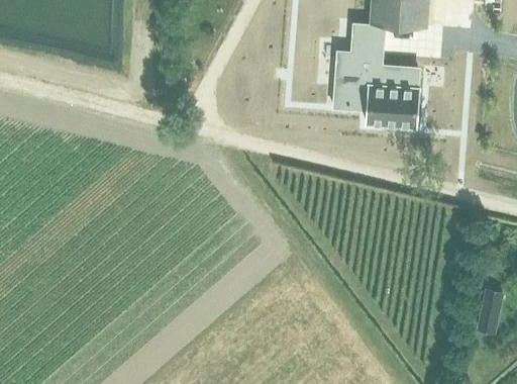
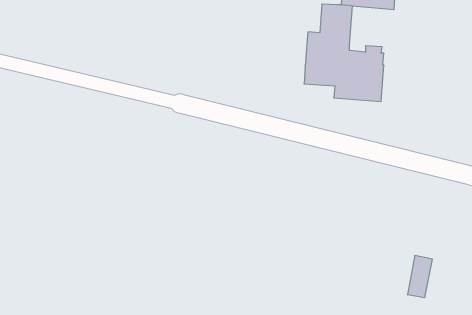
building: [475,289,502,334] -> [407,256,432,297]

